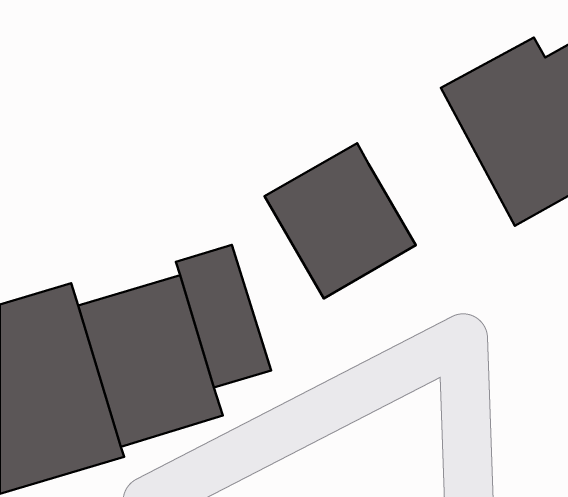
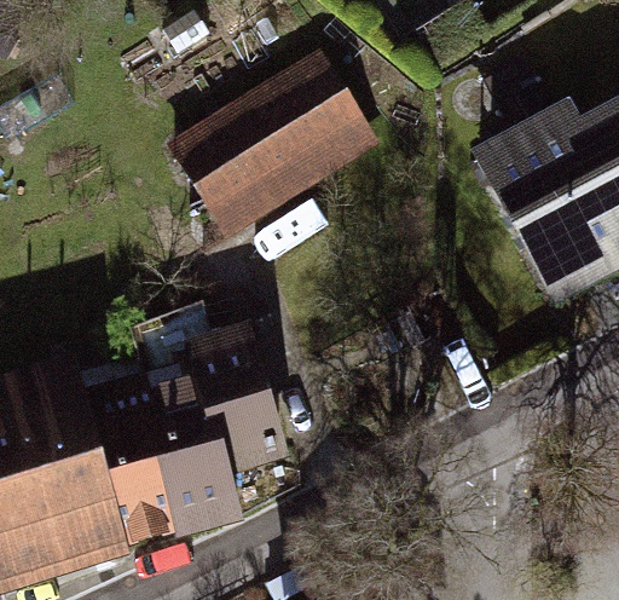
building: none -> [173,65,384,254]
building: [265,143,416,299] -> none

